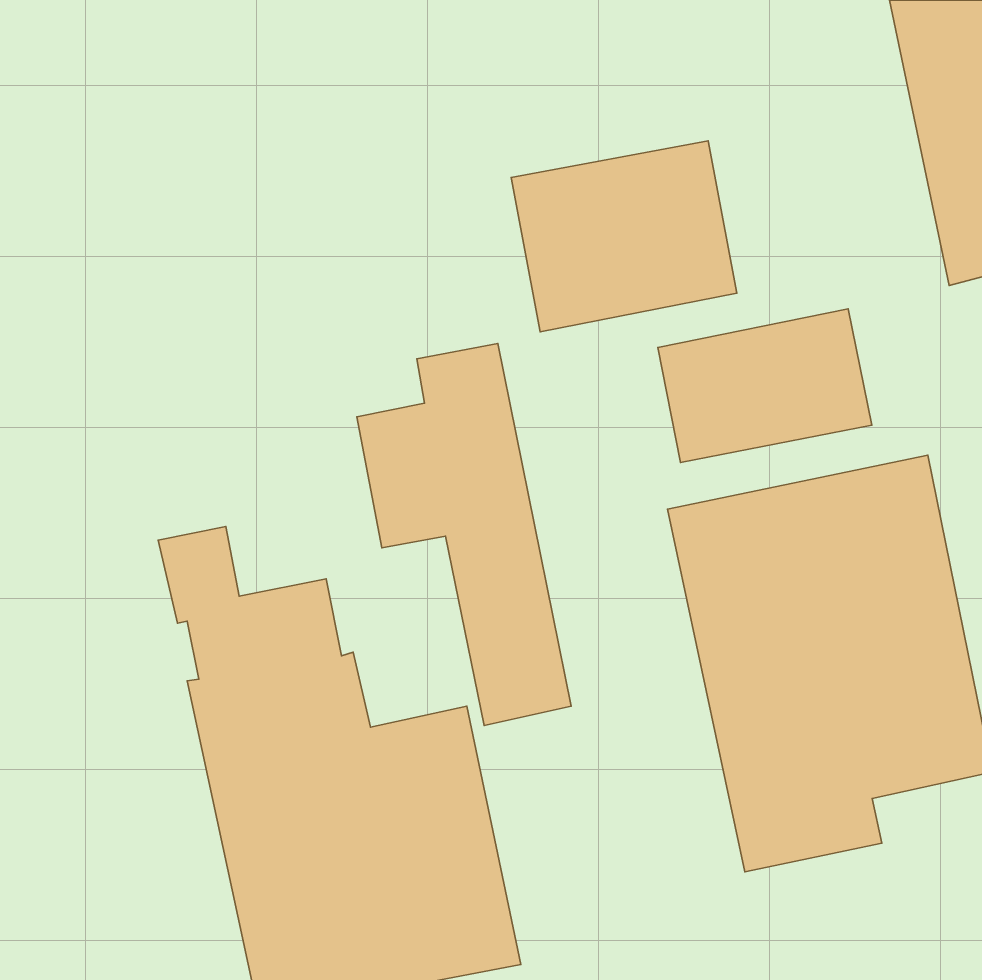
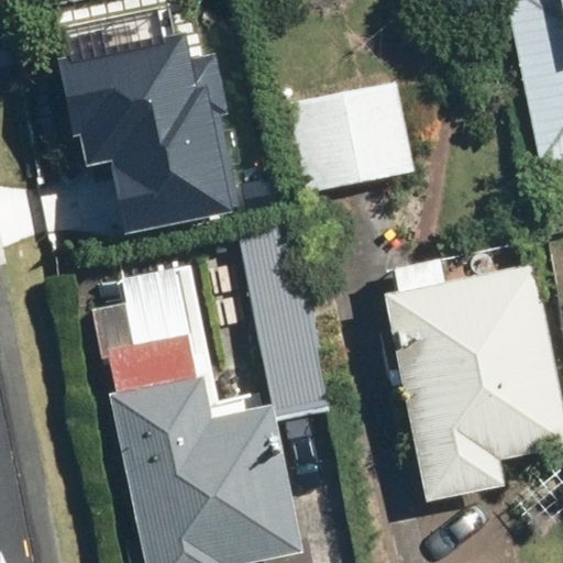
building: none -> [69,26,231,216]
building: [658,309,872,463] -> none

